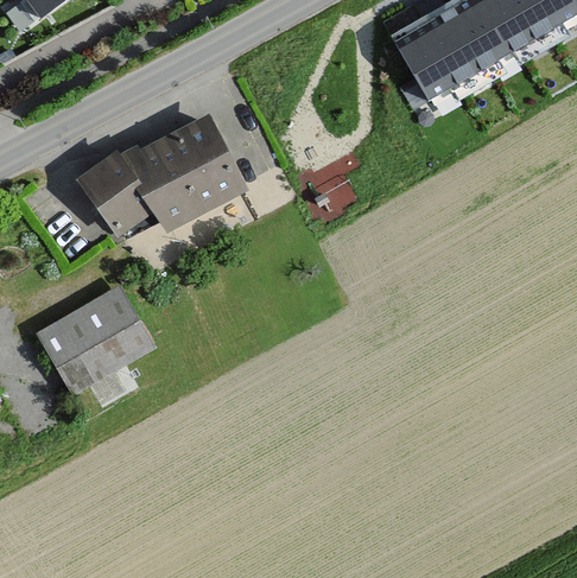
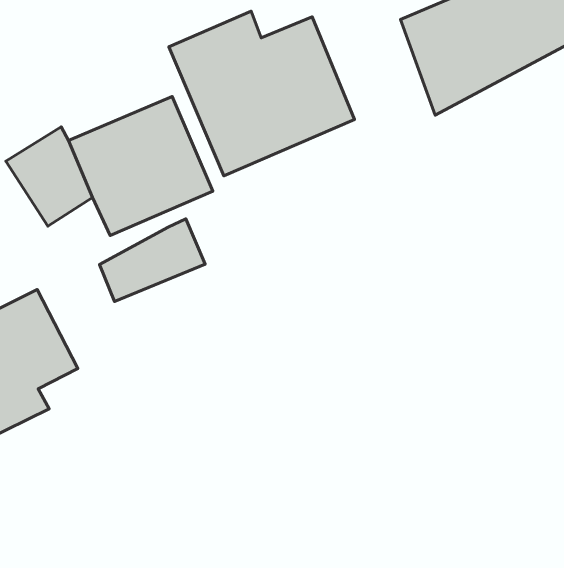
building: none -> [169,11,355,176]
building: none -> [99,219,205,302]

